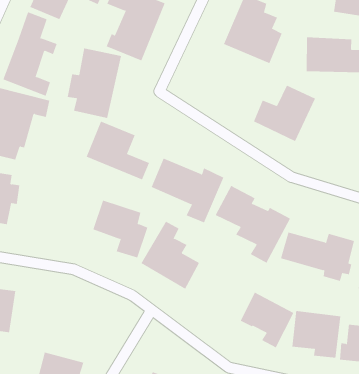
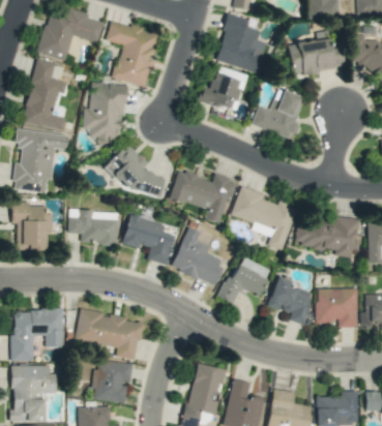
building: none -> [199,72,241,110]
building: none -> [68,210,119,245]
building: none -> [219,257,271,304]
building: none -> [75,308,143,360]

